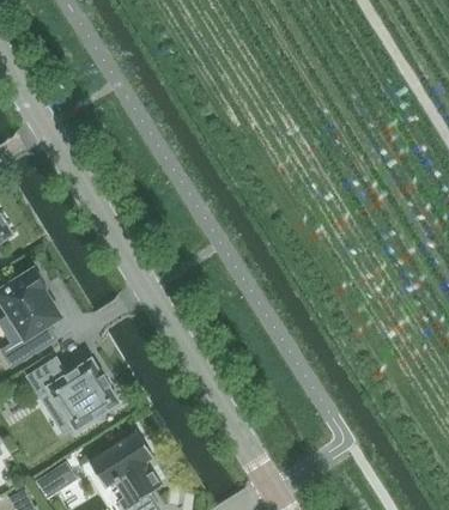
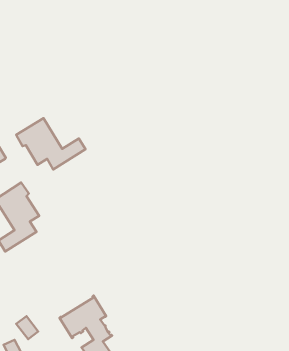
building: none -> [16,118,86,169]
building: [25,359,119,432] -> none

